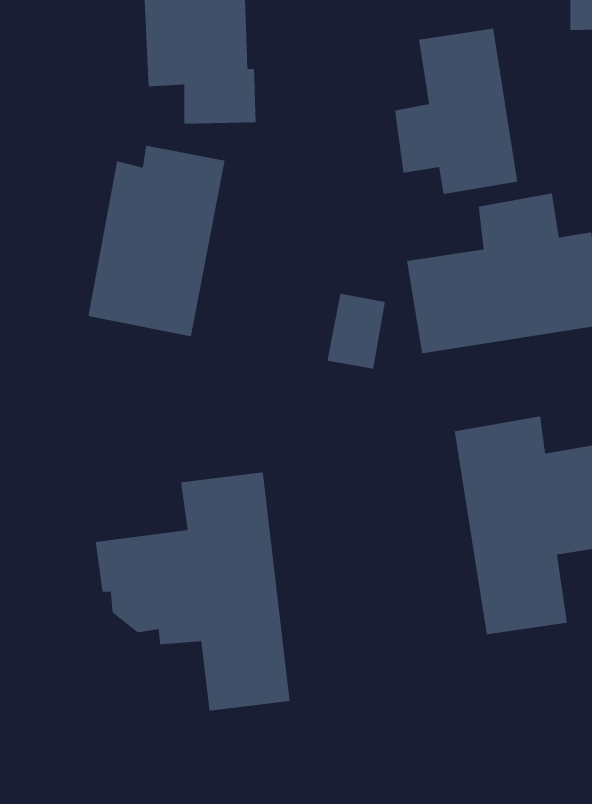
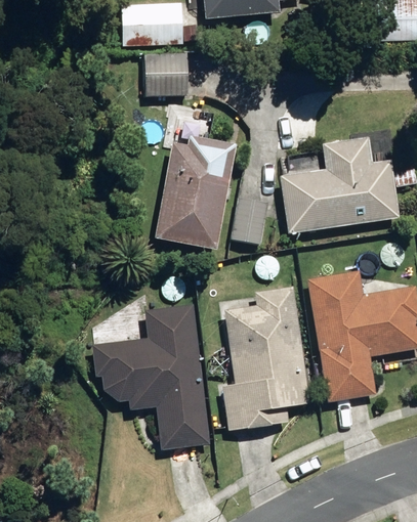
building: [394,28,518,195] -> none
building: [88,145,225,337] -> [154,134,237,250]
building: none -> [221,286,310,431]

